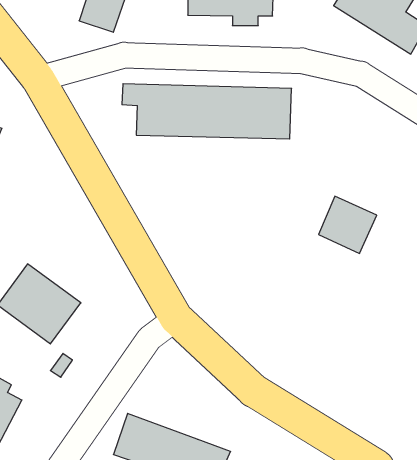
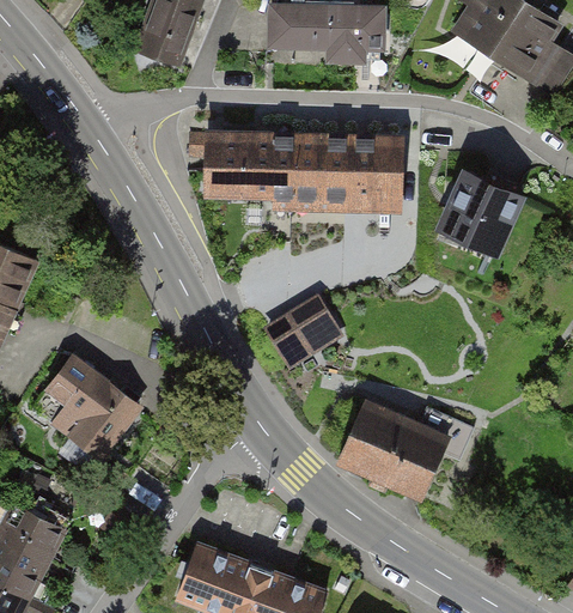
building: [319,196,377,253] -> [446,174,519,245]
building: none -> [269,301,339,364]
building: none -> [341,402,475,497]

